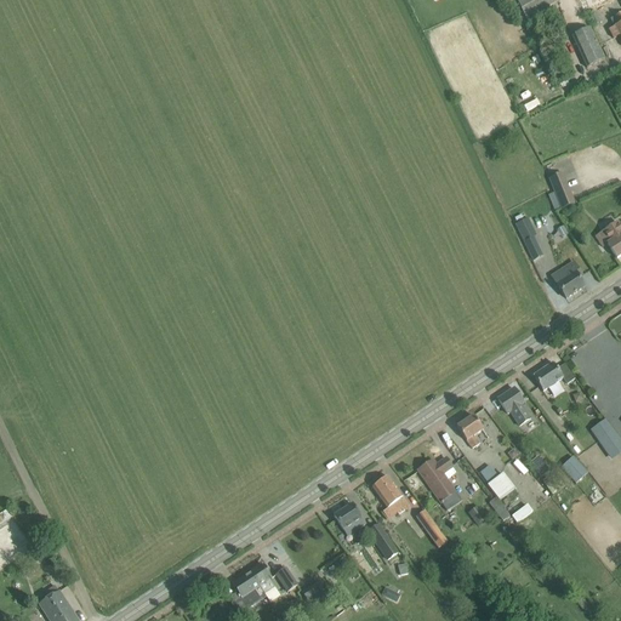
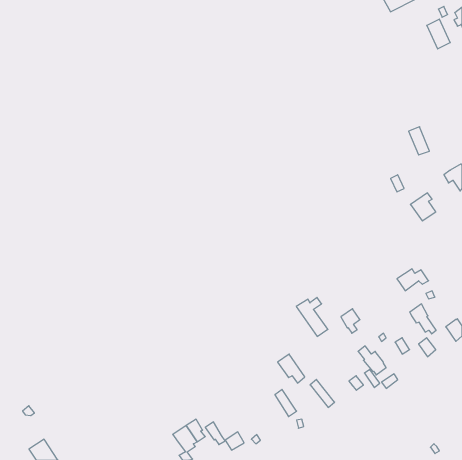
building: [498,386,534,426] -> [410,304,436,334]
building: [418,456,461,508] -> [296,297,328,336]
building: [335,501,366,534] -> none

